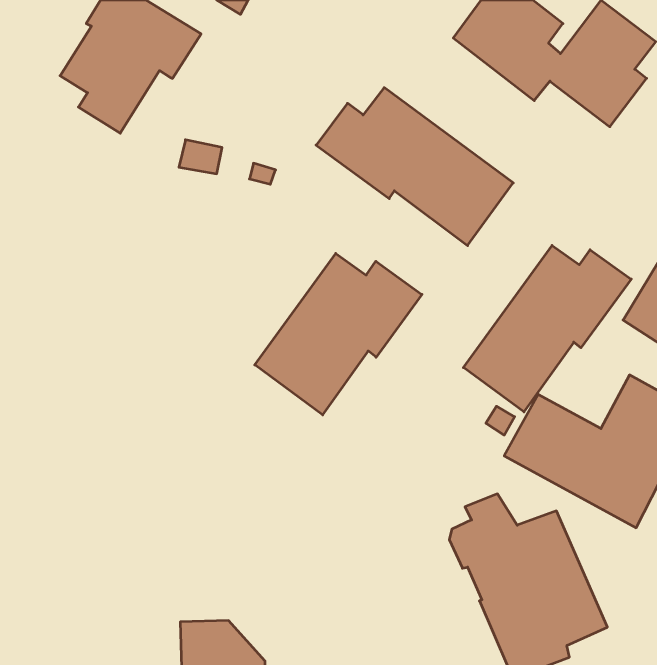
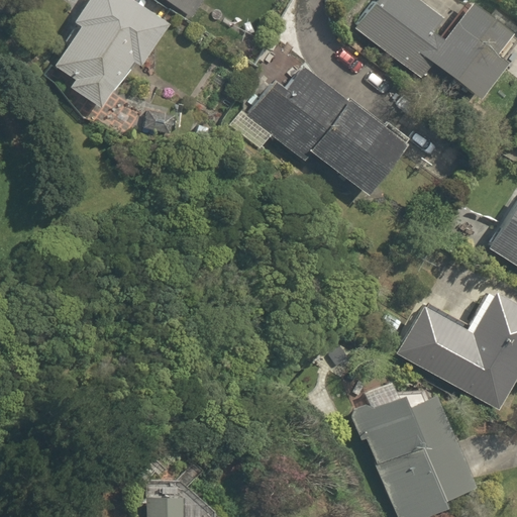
building: [463,245,631,412] -> none
building: [255,253,422,415] -> none

